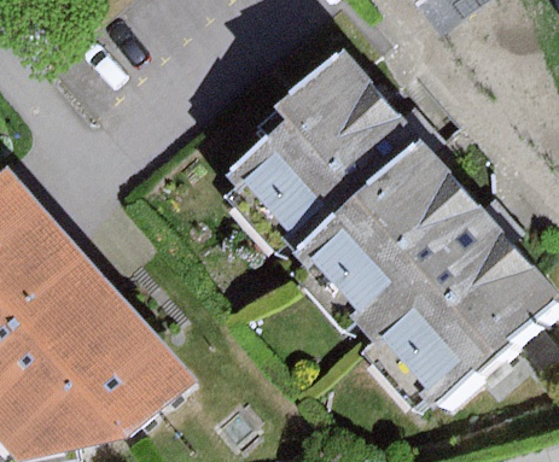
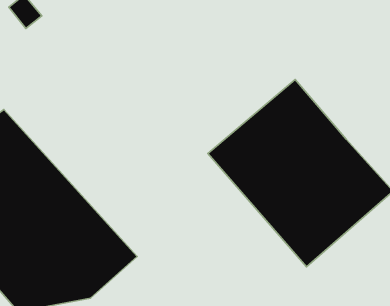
building: [226,42,420,241] -> none

